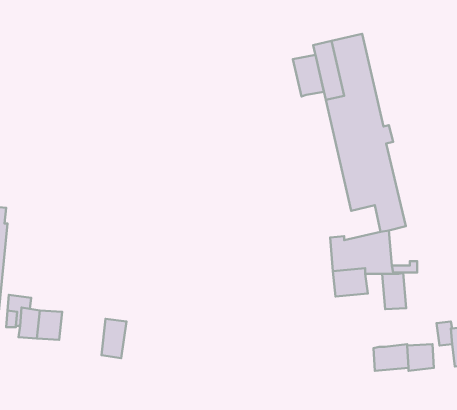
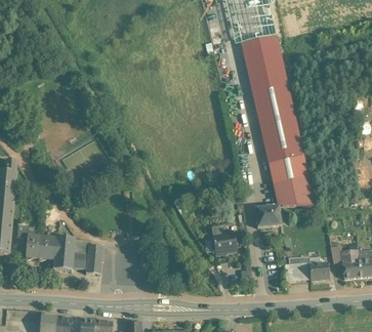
building: [293,55,324,96] -> none
building: [382,273,406,309] -> none
building: none -> [212,224,240,254]
building: none -> [54,237,86,269]

